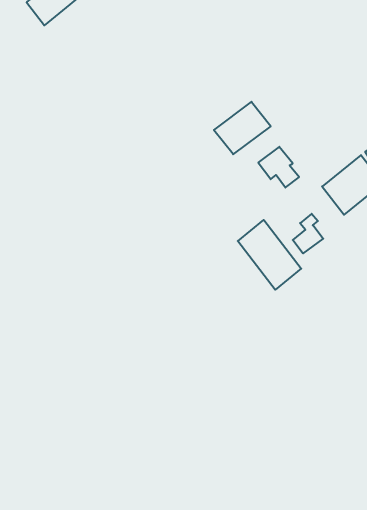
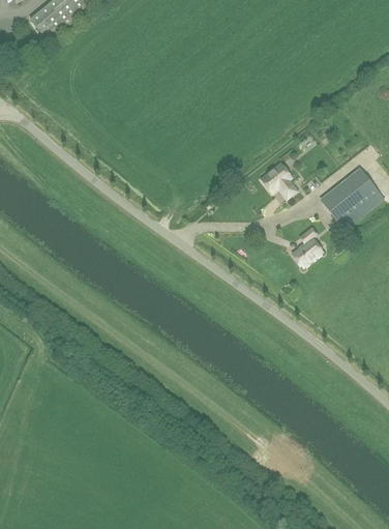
building: [214,102,271,154] -> none
building: [238,220,301,290] -> none

